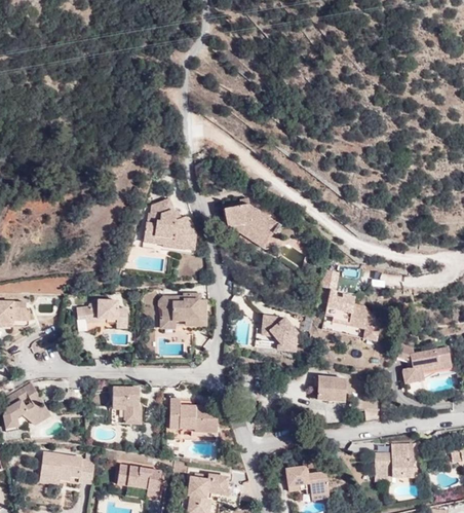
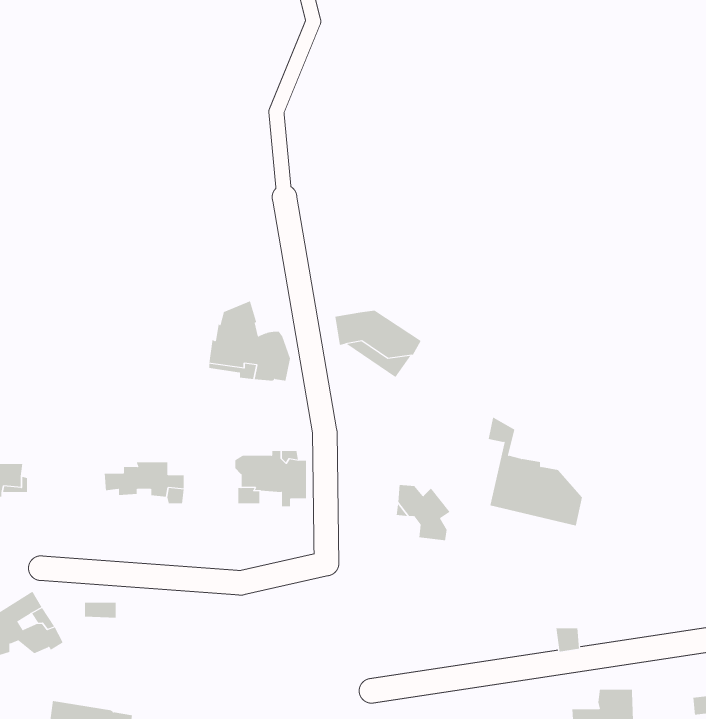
building: [399,344,452,382] -> none
building: [313,376,345,399] -> none
building: [113,387,142,423] -> none
building: [170,398,218,432] -> none

